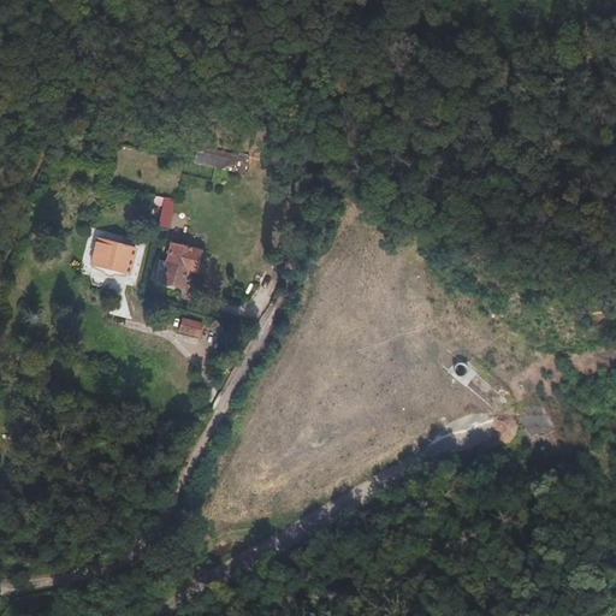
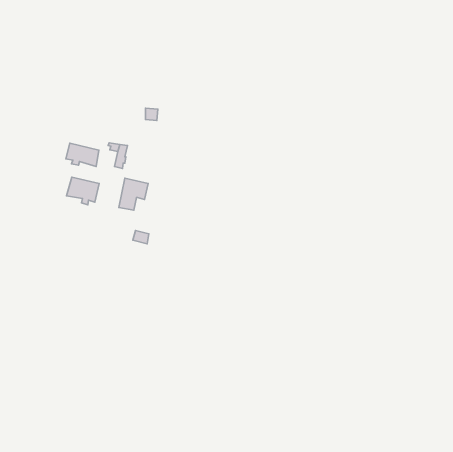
building: none -> [66,143,99,166]

